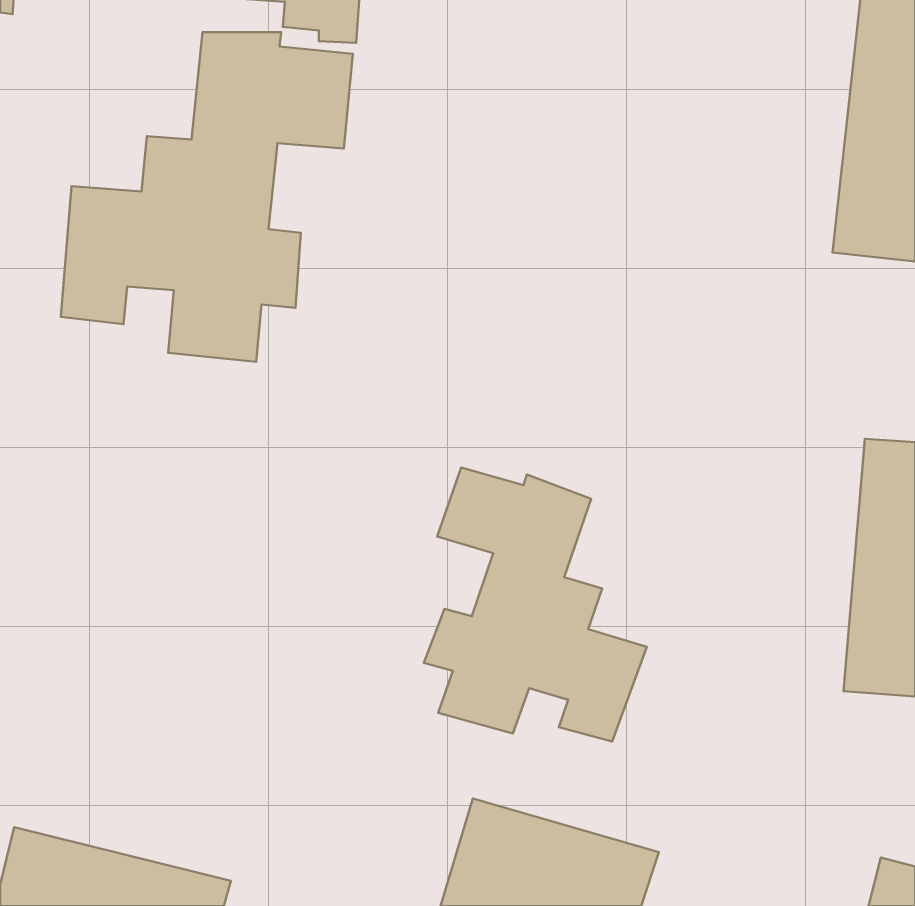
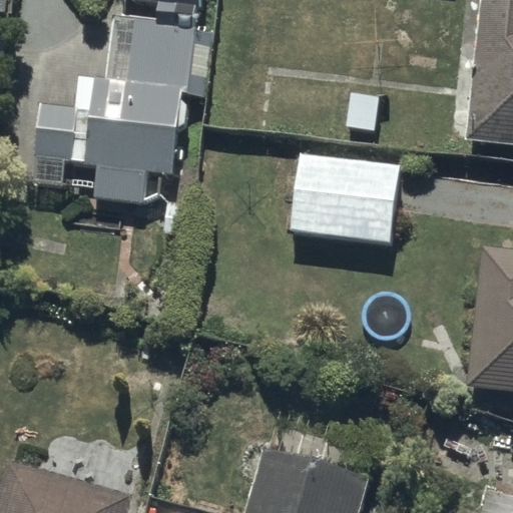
building: none -> [283,152,399,265]
building: [424,467,647,742] -> none

